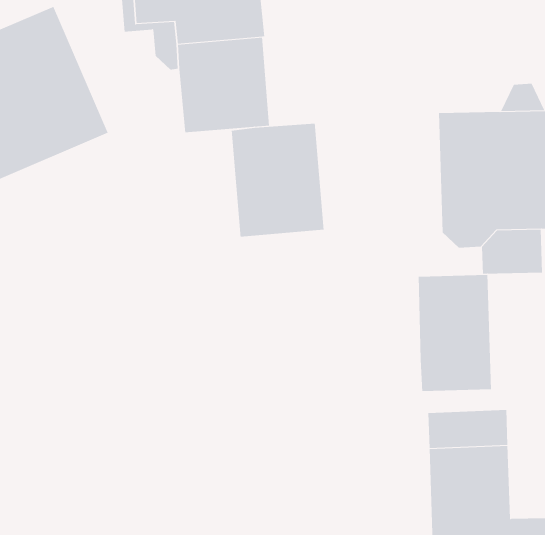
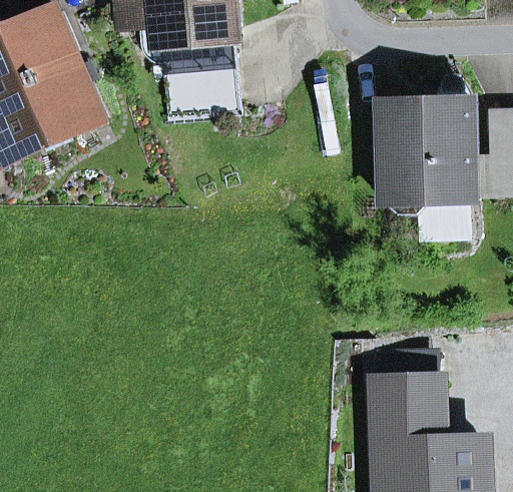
building: [231,123,324,238] -> none
building: [418,274,491,392] -> none

